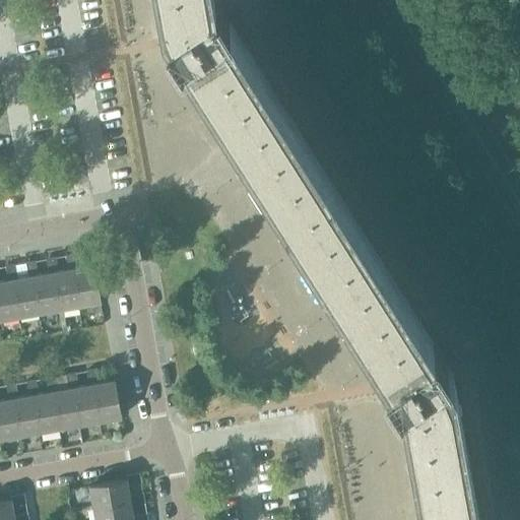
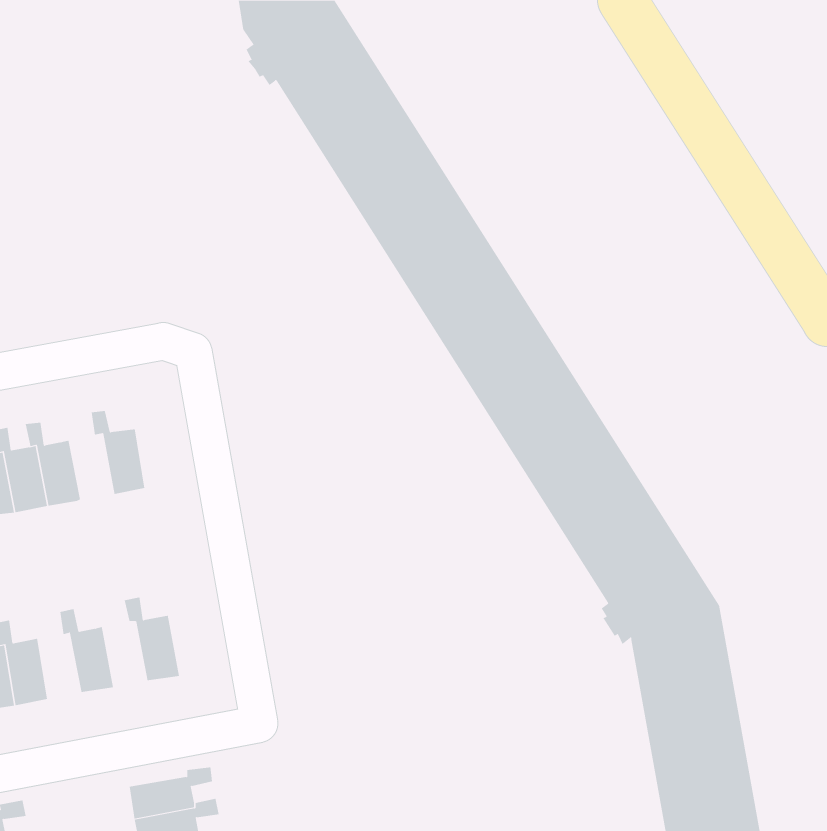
building: [36,263,70,336] -> none
building: [56,379,90,431] -> none
building: [16,386,50,438] -> none

